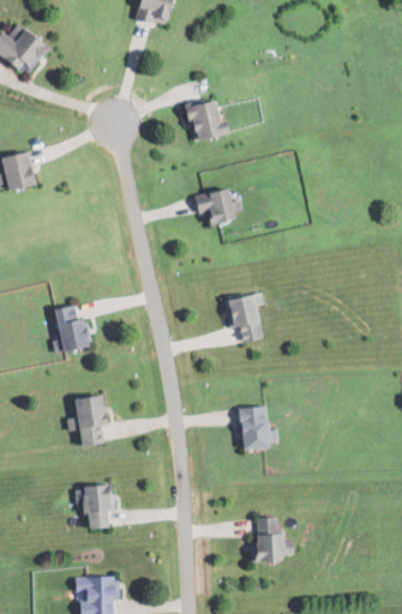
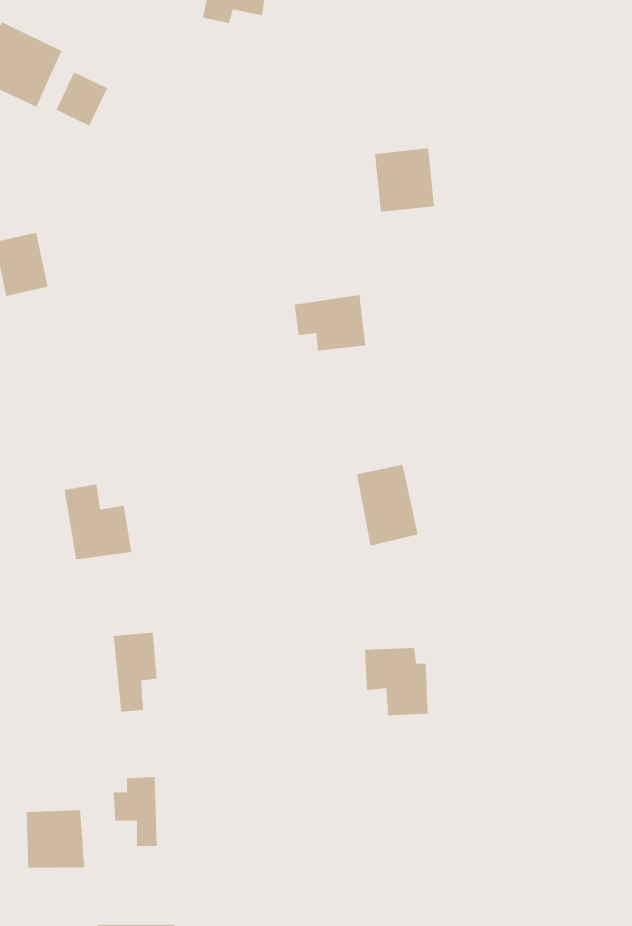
building: none -> [56,72,108,127]
building: [184,100,221,139] -> [374,148,435,212]
building: none -> [26,809,85,869]
building: [244,517,284,561] -> none

